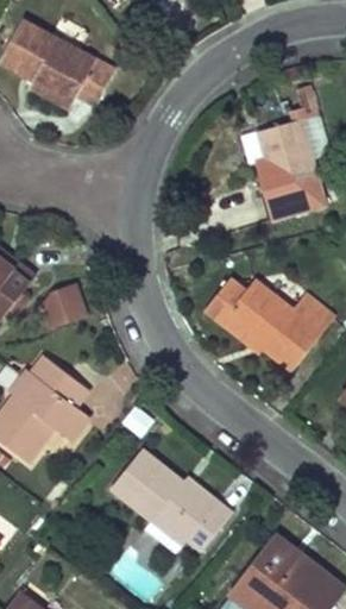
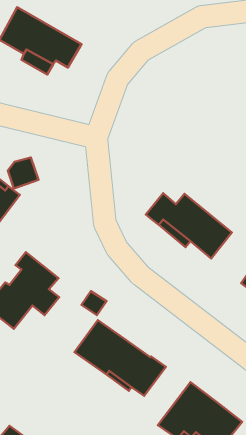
building: [244,109,331,211] -> none
building: [39,284,82,327] -> [8,158,39,188]

